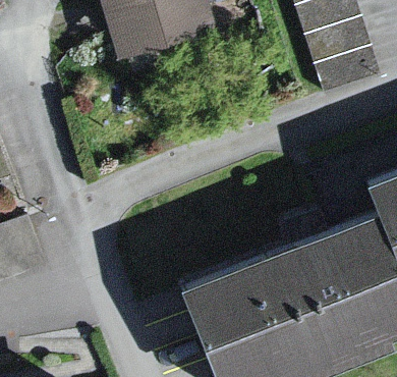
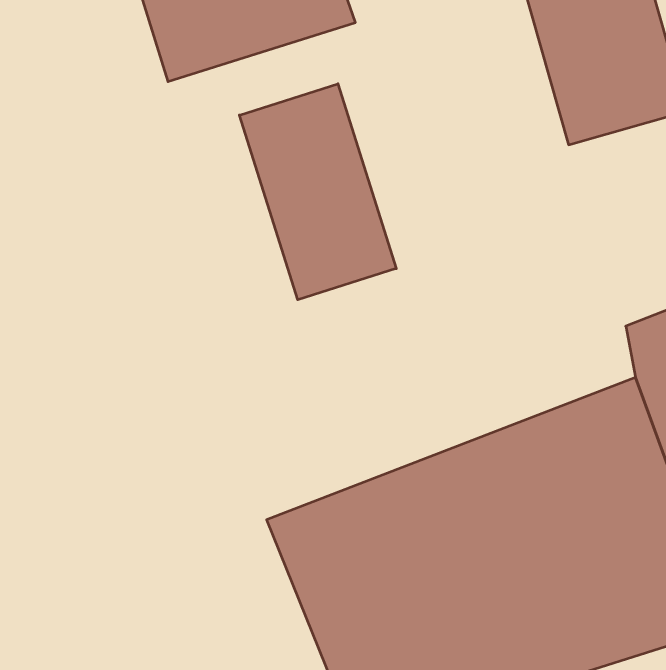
building: none -> [239,84,396,300]

